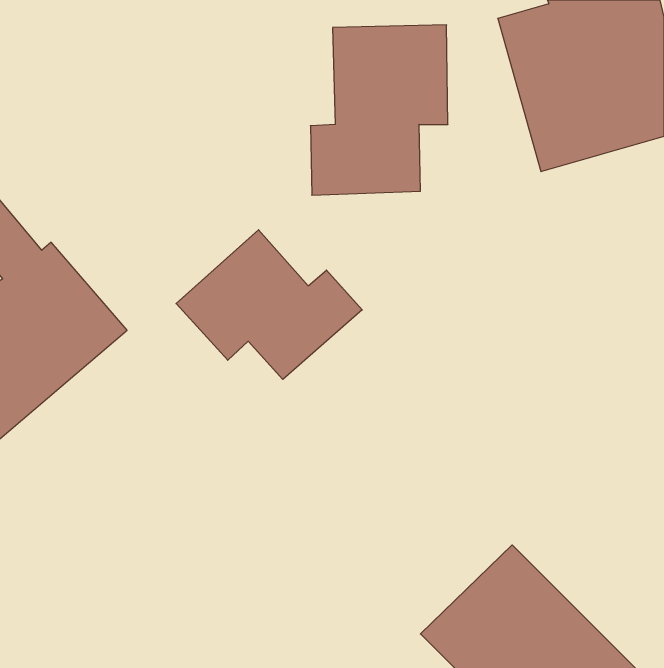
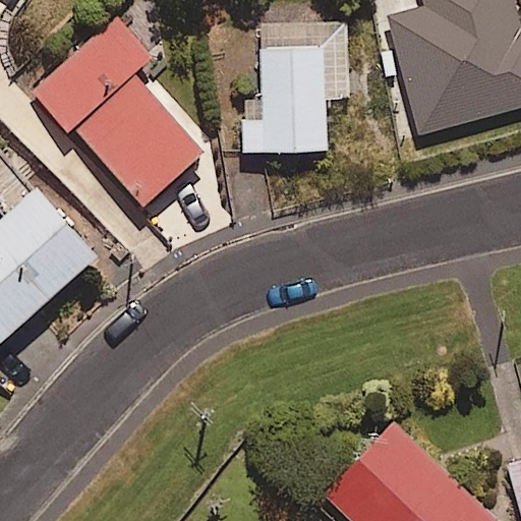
building: none -> [32,17,205,206]
building: [176,230,362,379] -> none

